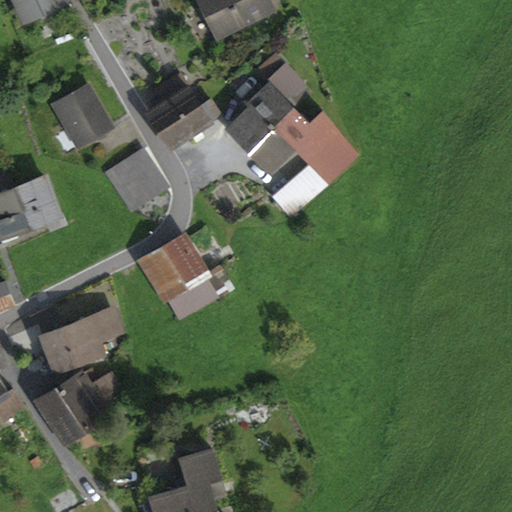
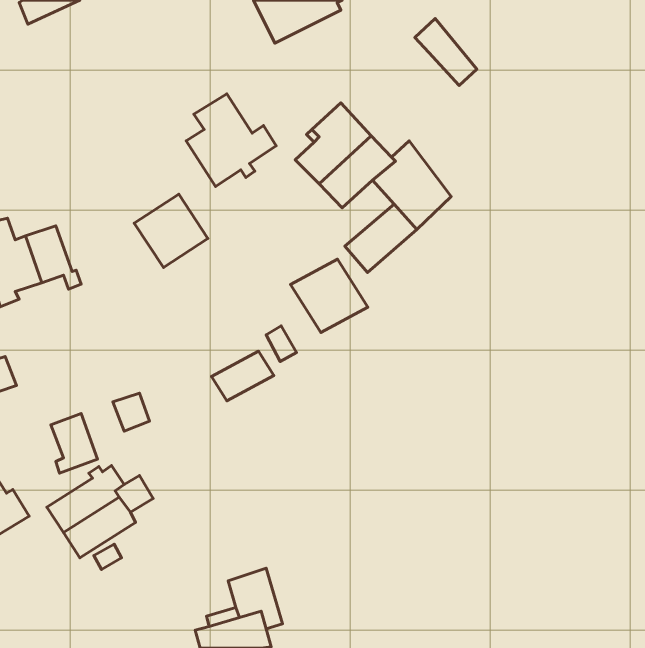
building: [258,54,307,107] -> [415,18,477,86]
building: [53,85,110,145] -> none
building: [143,239,204,297] -> [291,259,368,333]
building: [64,317,103,362] -> none

